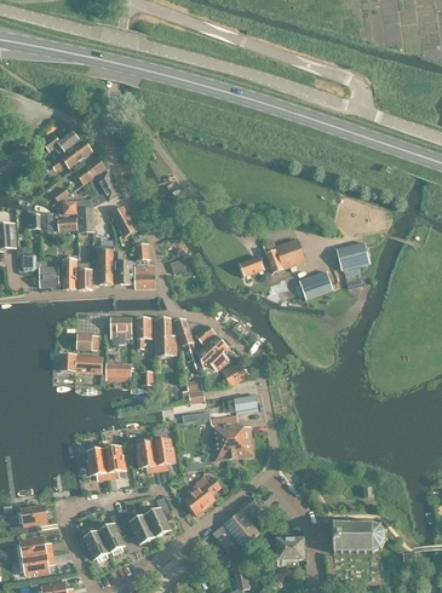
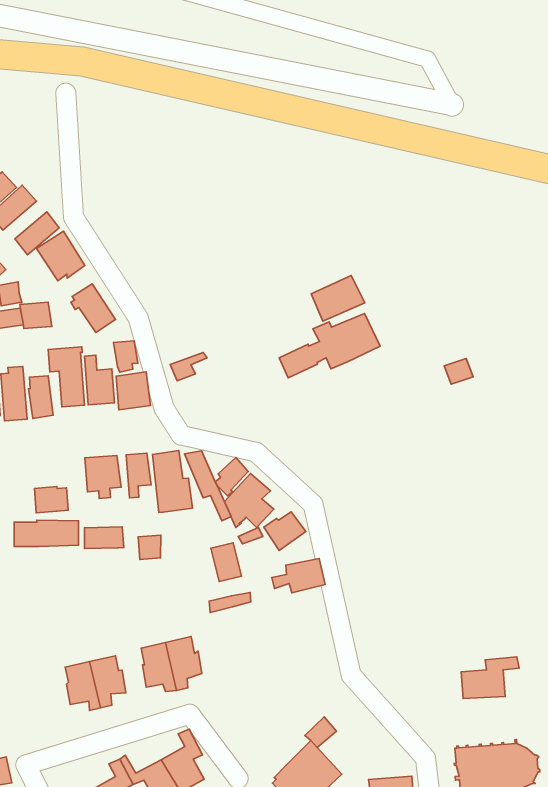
building: [335,242,369,271] -> none
building: [299,272,333,300] -> [311,276,365,321]
building: [211,421,253,461] -> none
building: none -> [461,657,519,699]
building: [183,476,222,517] -> none

